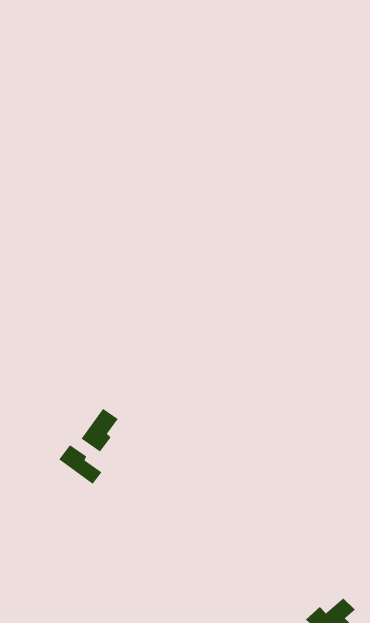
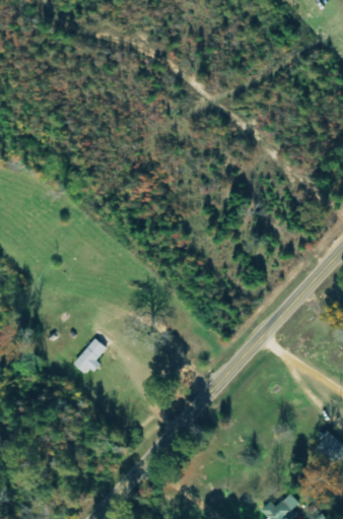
building: [58,444,103,485] -> none

